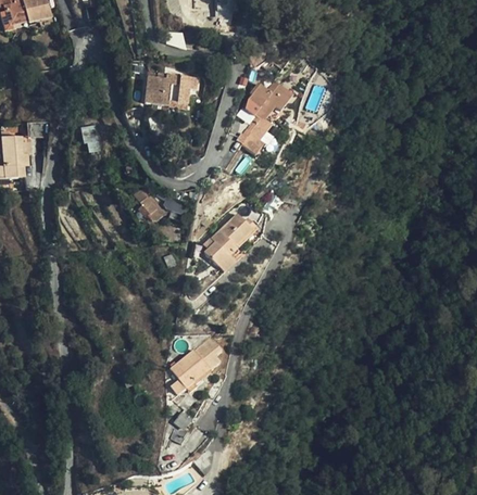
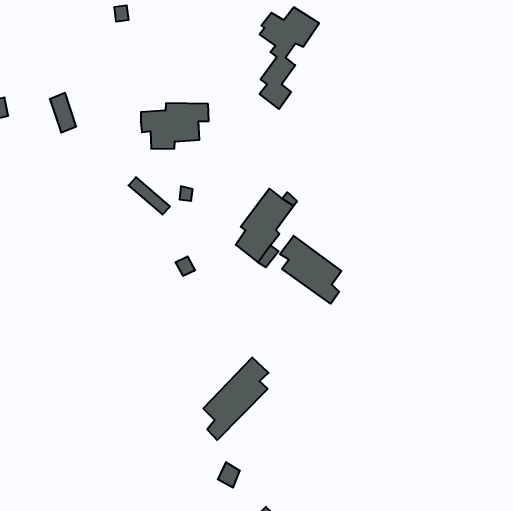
building: [147,73,199,107] -> [141,103,209,149]
building: none -> [280,236,341,304]

